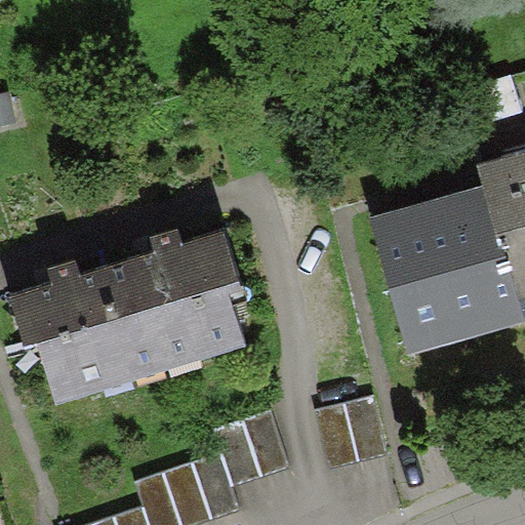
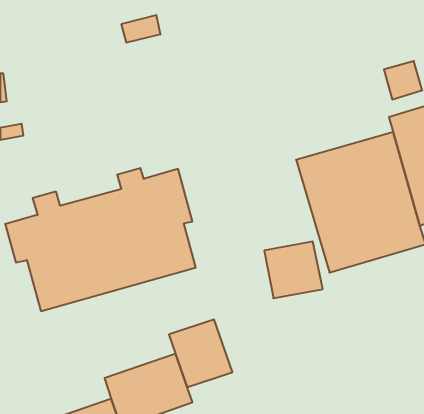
building: [316,394,388,463] -> [264,241,323,298]

